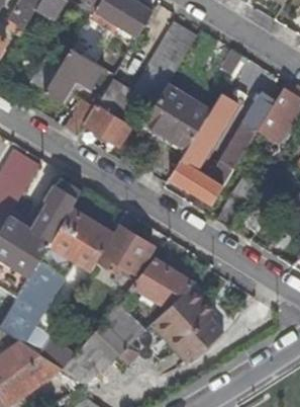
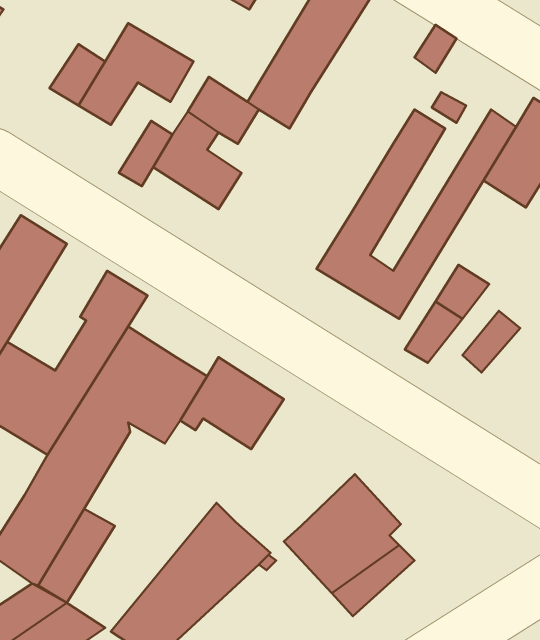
building: [144,84,210,148] -> none
building: [117,257,193,313] -> none

